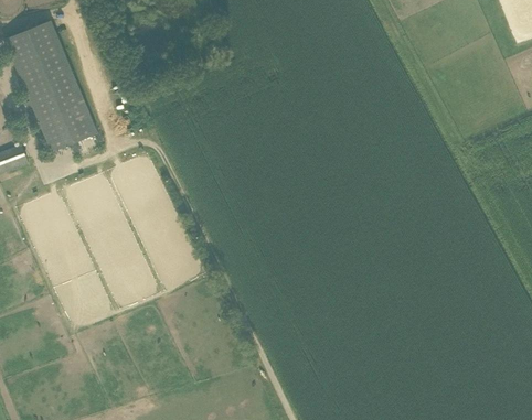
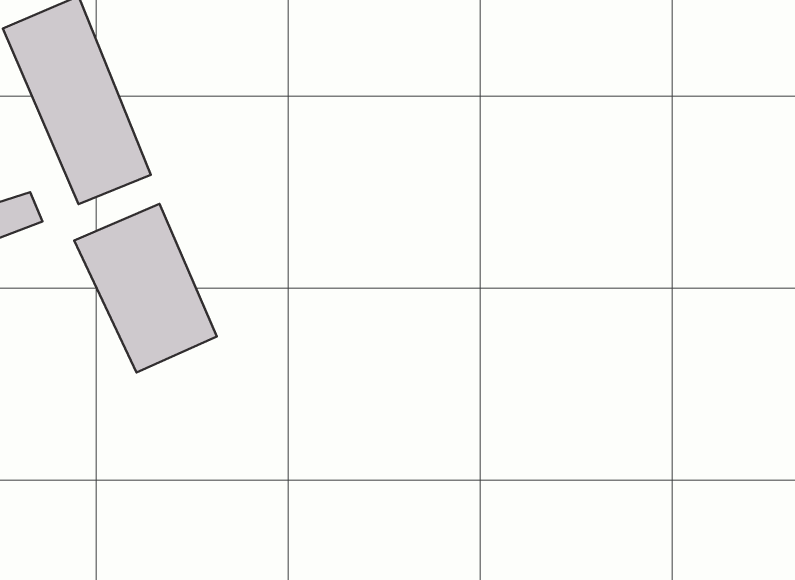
building: none -> [74,204,217,373]

